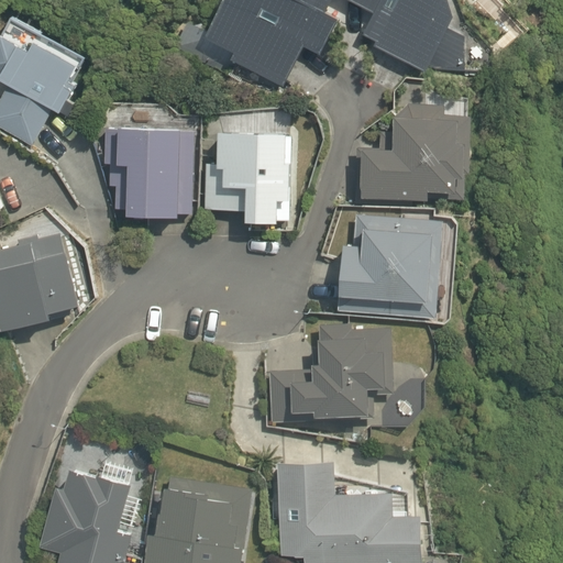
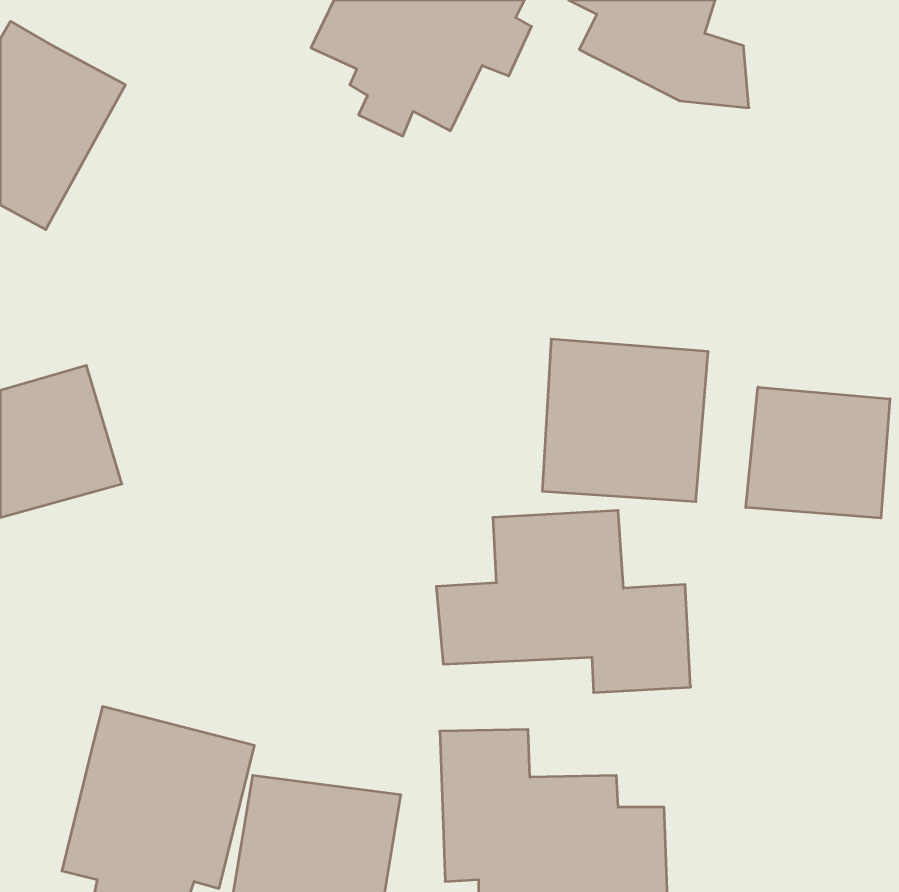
building: [102,106,196,212] -> none
building: [358,111,465,200] -> none
building: [203,129,292,227] -> none
building: none -> [746,387,890,518]

